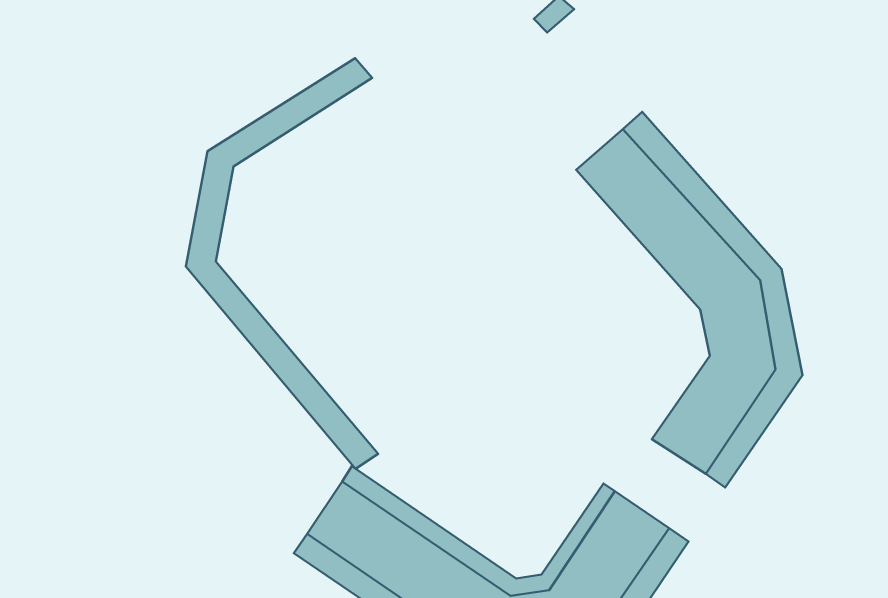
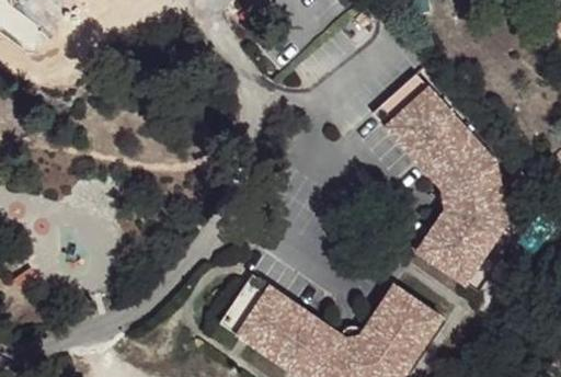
building: [186,58,378,469] -> none
building: none -> [374,106,456,259]

